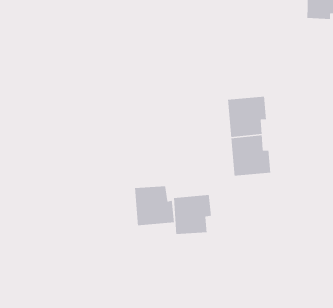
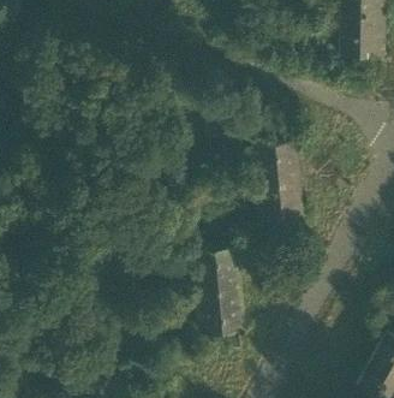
building: [134,185,175,226] -> [203,291,247,335]

